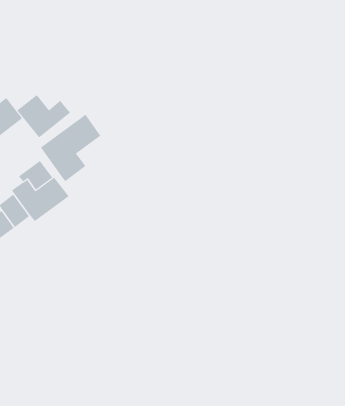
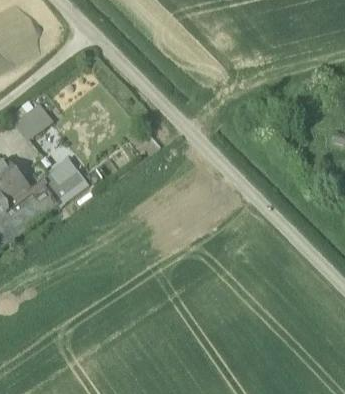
building: [16,94,71,138] -> none
building: [40,114,101,182] -> none

